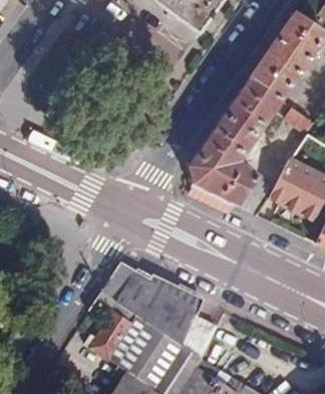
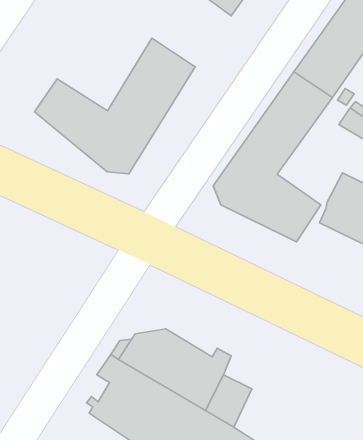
building: none -> [35,38,195,174]

